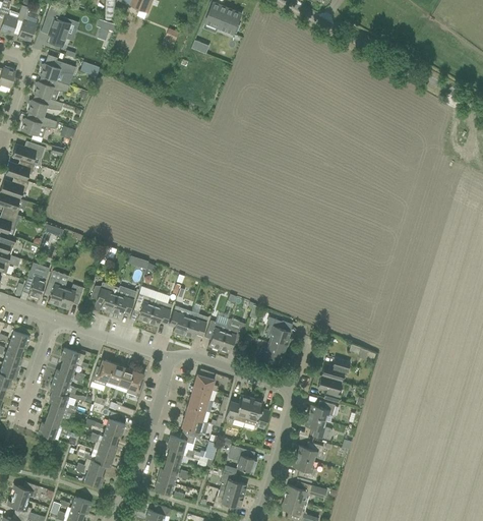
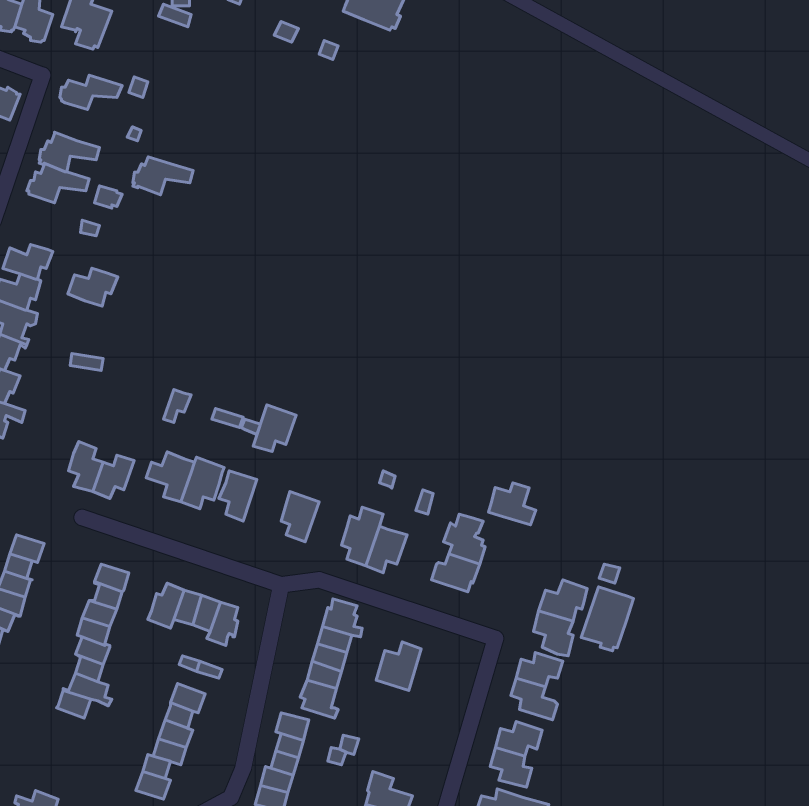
building: [33,77,68,100] -> [133,157,193,195]
building: [11,141,41,164] -> [68,268,118,306]
building: [23,263,49,300] -> none
building: [146,299,172,327] -> [253,405,296,451]
building: none -> [488,483,536,525]
building: [183,312,207,340] -> none
building: none -> [581,587,633,651]
building: [244,399,268,429] -> none
building: [227,446,256,473] -> none

